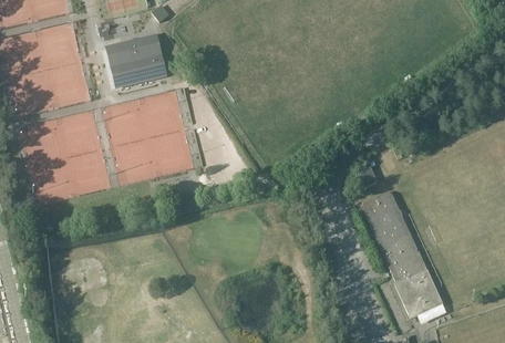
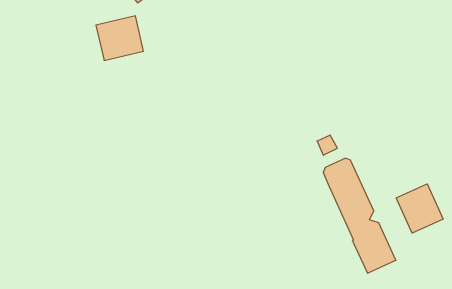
building: none -> [396,184,443,233]

